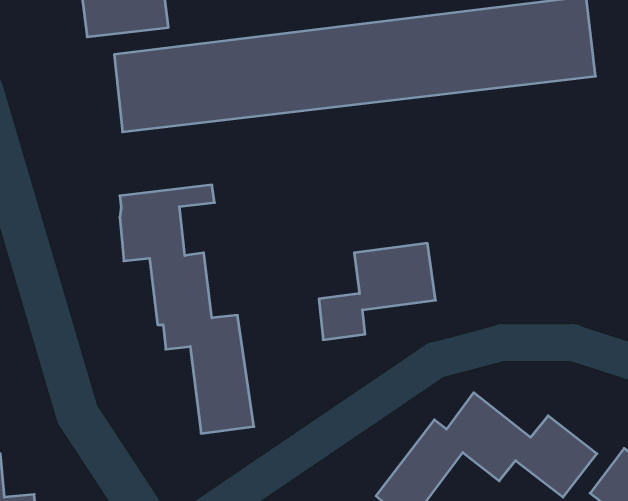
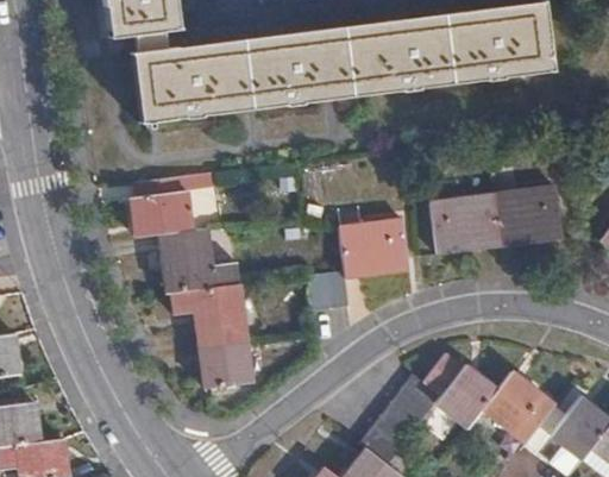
building: none -> [434,187,560,252]

